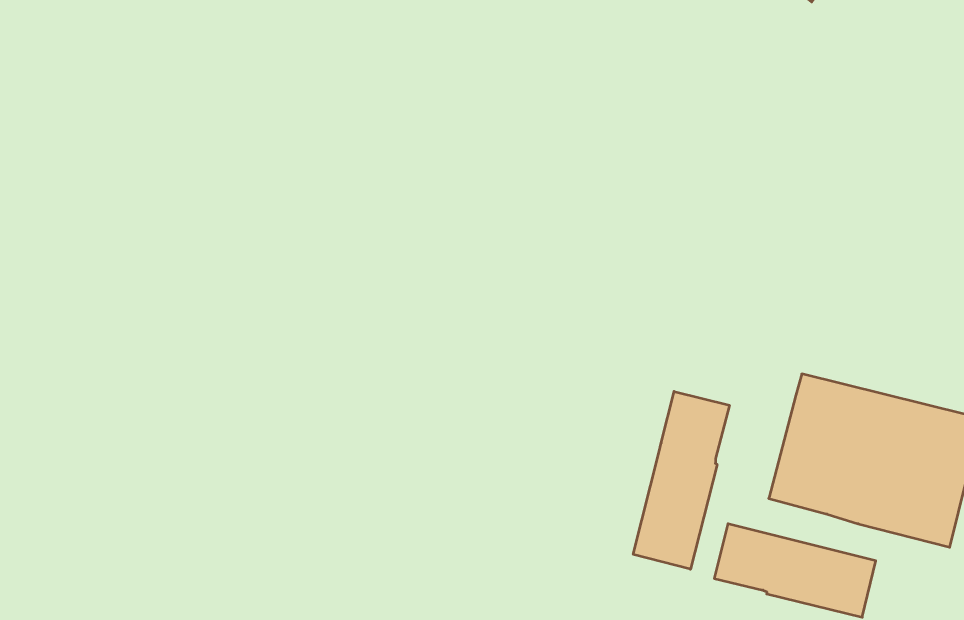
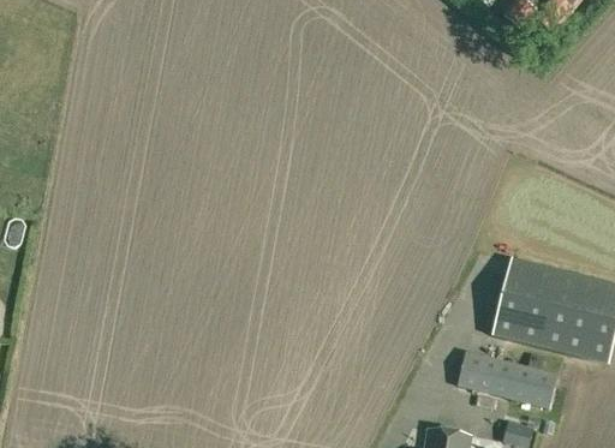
building: [633,391,729,569] -> none

